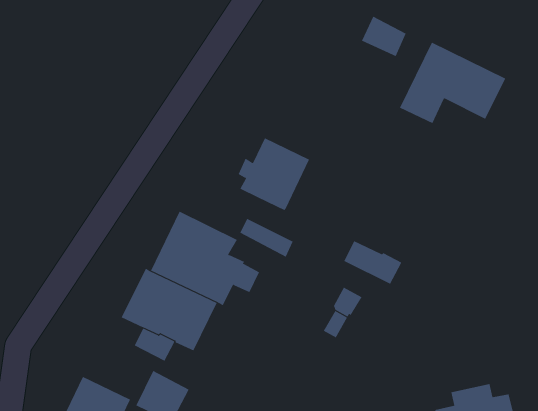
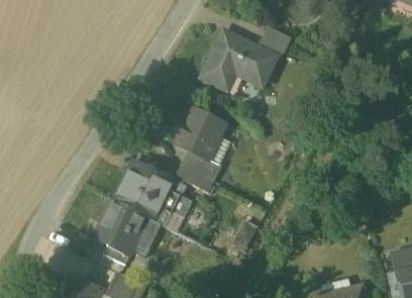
building: [399,42,506,124] -> [202,31,276,88]
building: [344,241,402,285] -> [181,151,221,181]

